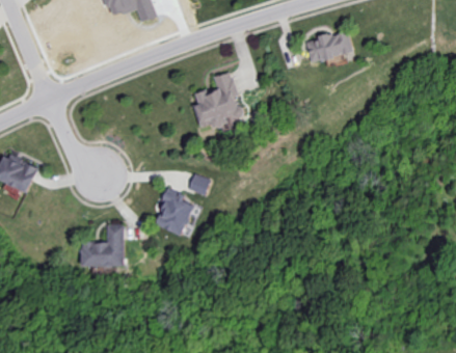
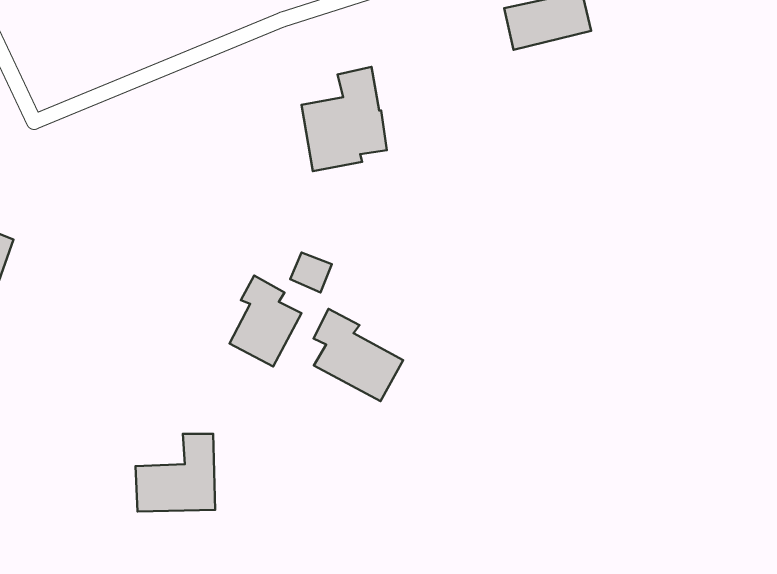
building: none -> [314,309,403,401]
building: [81,224,125,267] -> [135,434,215,512]

